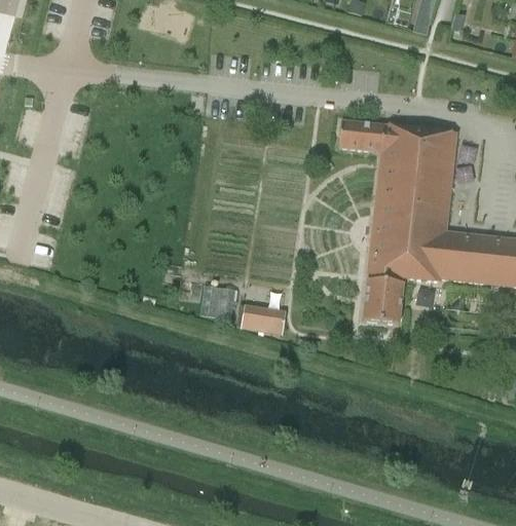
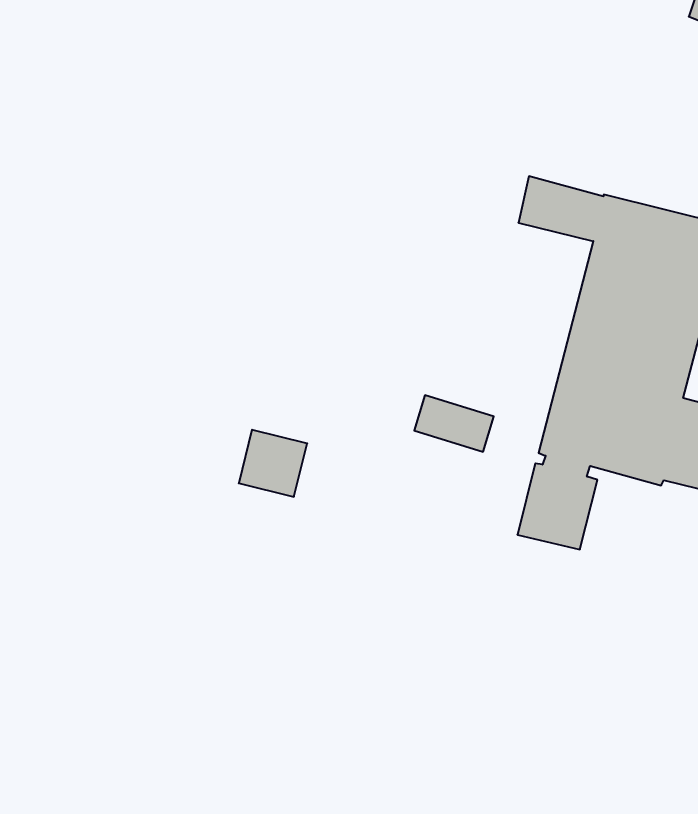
building: [242,306,285,333] -> [414,395,494,452]

